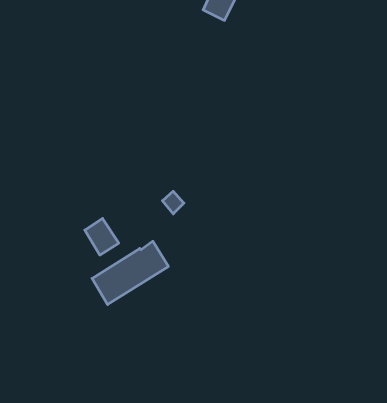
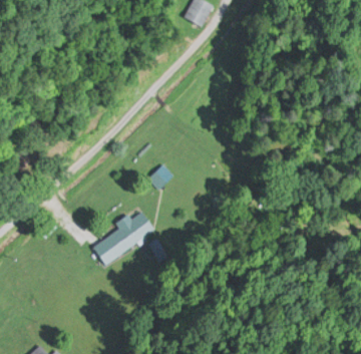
building: [85,218,119,255] -> none

